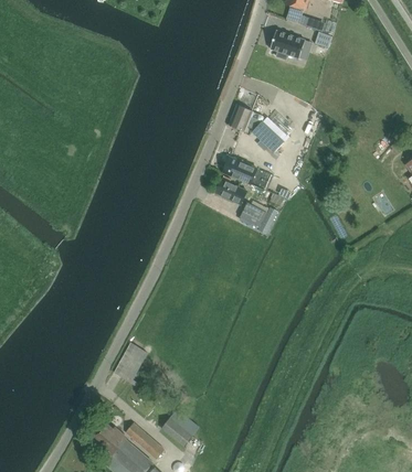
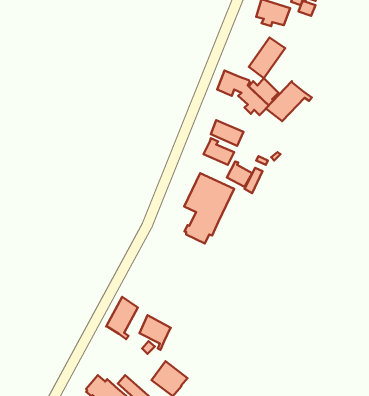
building: none -> [249,37,285,78]
building: none -> [266,81,312,121]
building: none -> [184,173,234,243]
building: none -> [140,315,171,350]

